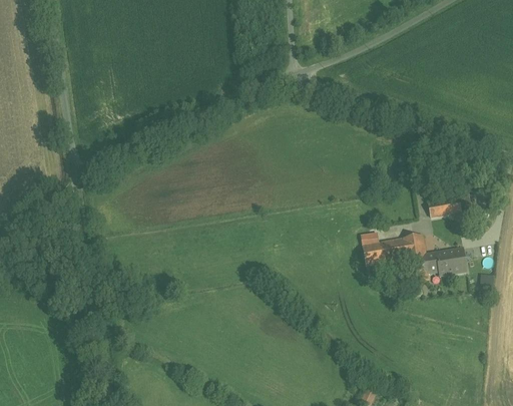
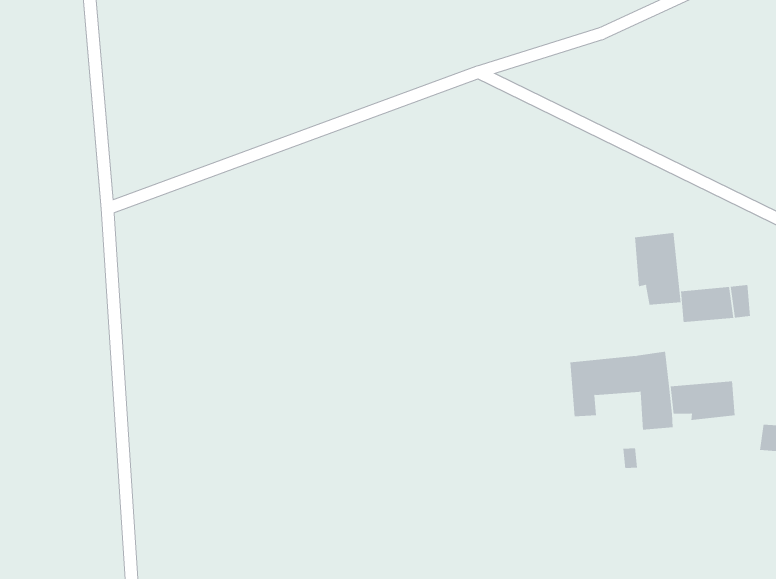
building: none -> [635,232,681,305]

